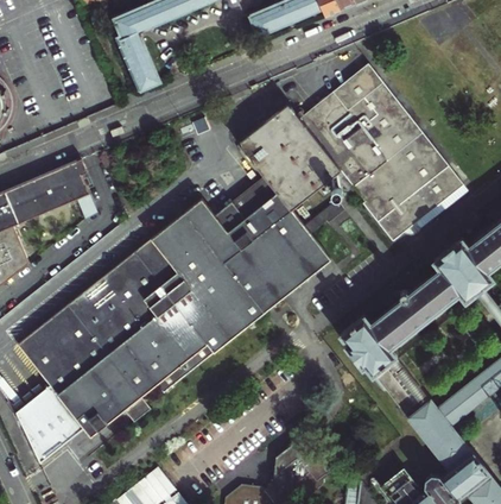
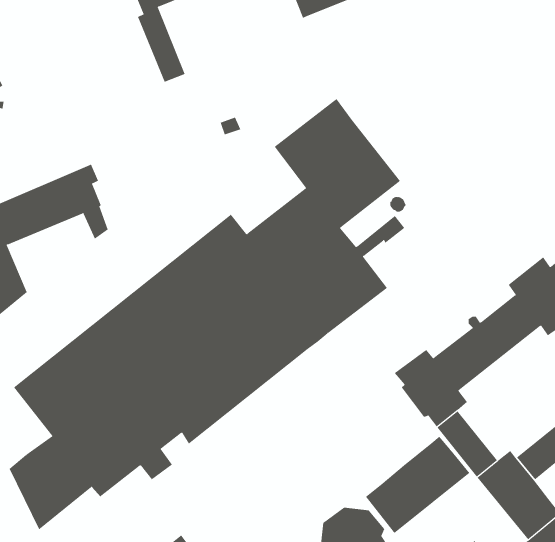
building: [300,67,462,240] -> none
building: none -> [365,436,470,534]

